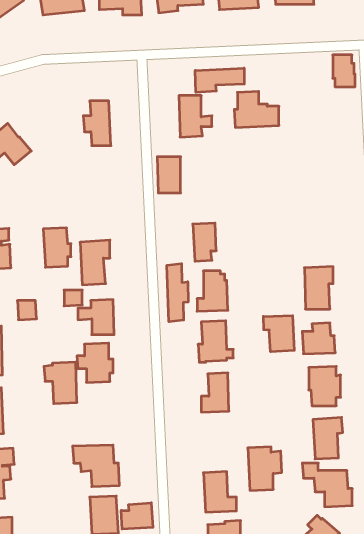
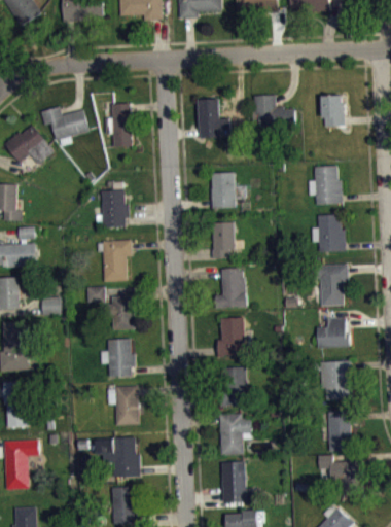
building: [333,55,355,87] -> [322,95,344,126]
building: [195,68,244,92] -> none
building: none -> [40,105,87,145]
building: [157,157,181,193] -> [211,172,234,207]
building: none -> [308,165,342,204]
building: none -> [311,214,345,251]
building: [43,228,71,267] -> [101,189,128,227]
building: [167,264,188,322] -> none
building: [263,316,294,352] -> none
building: [44,362,77,404] -> [106,385,138,425]
building: [248,447,282,490] -> [218,413,251,455]
building: [121,503,153,529] -> none

